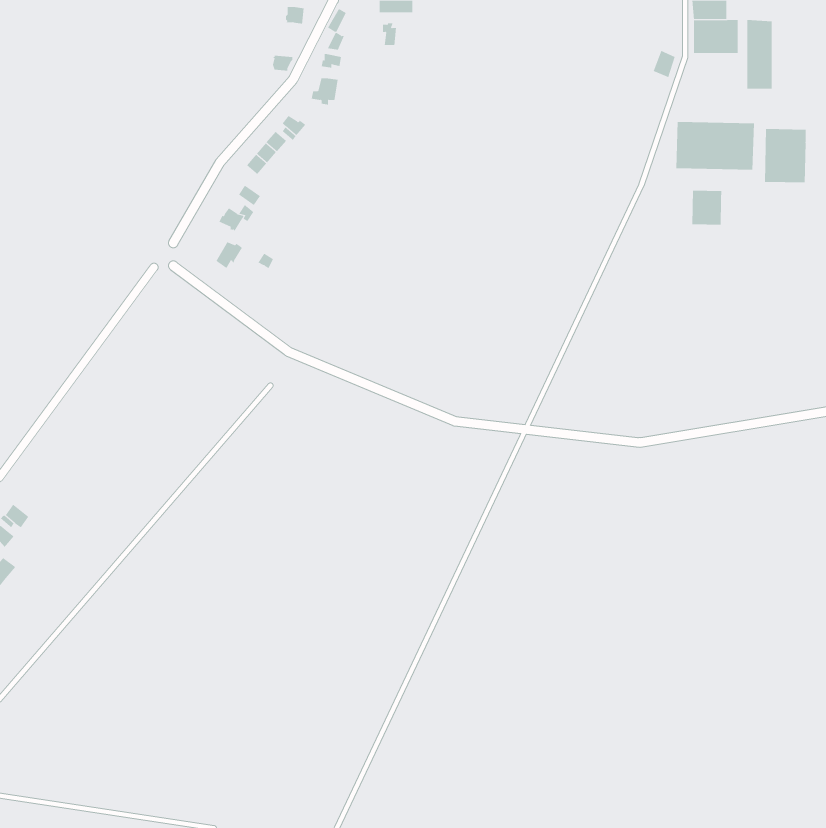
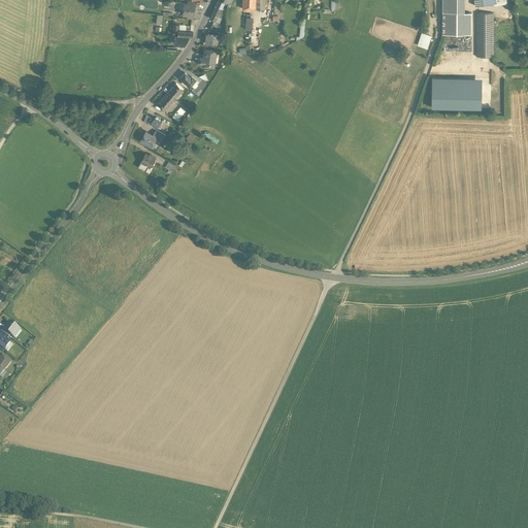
building: [764,128,806,183] -> none
building: [692,190,722,225] -> none

